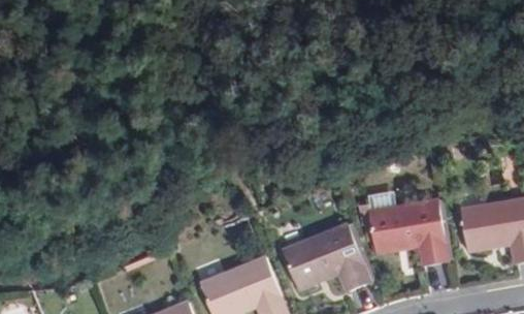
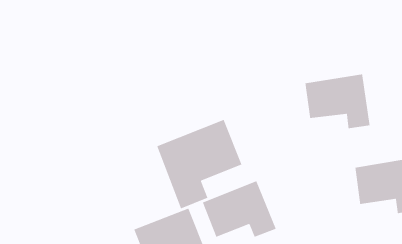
building: none -> [156,119,243,210]
building: [369,198,448,264] -> [304,73,371,129]

